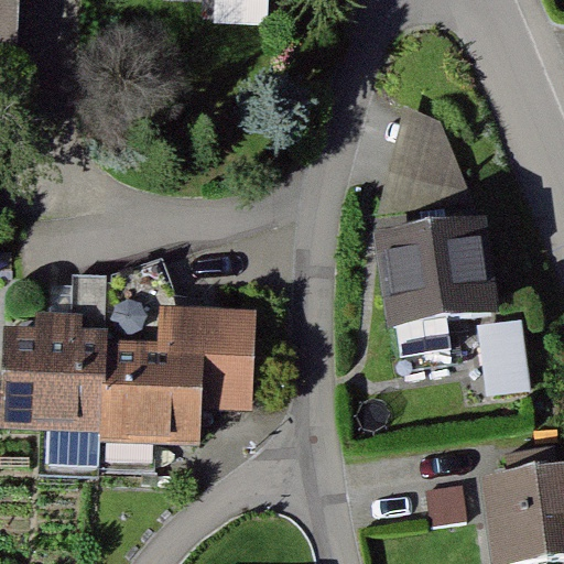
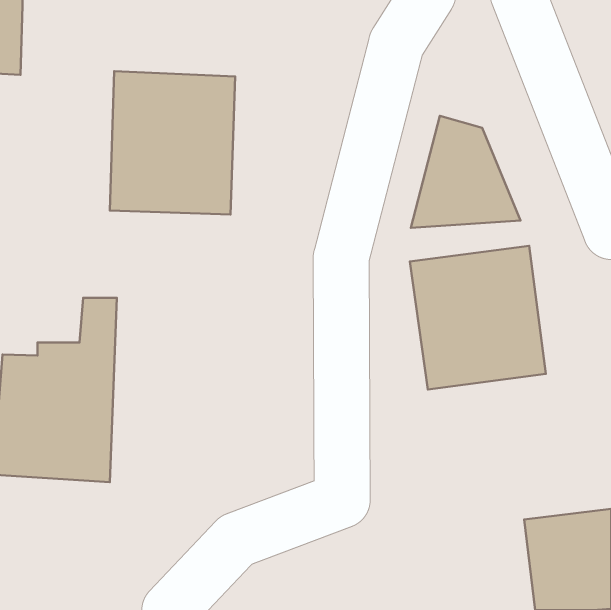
building: none -> [110,71,235,214]
building: [100,252,259,444] -> none

